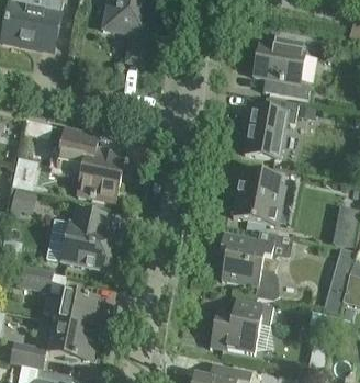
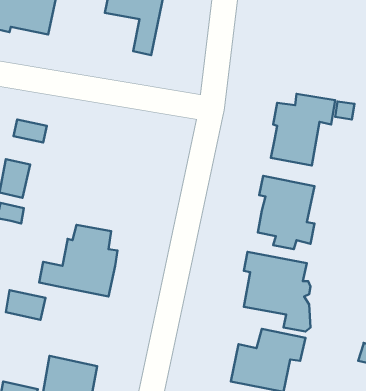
building: [254,34,310,98] -> none
building: [56,126,125,202] -> none
building: [55,291,102,329] -> none

